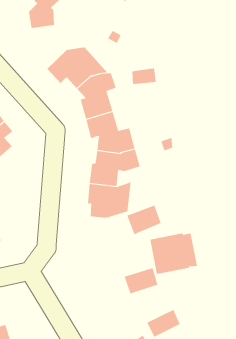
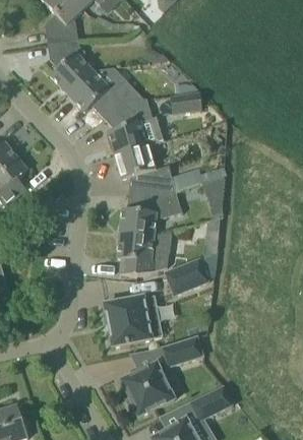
building: none -> [48,41,94,93]
building: [149,233,198,275] -> [104,296,163,347]
building: none -> [120,362,175,418]

